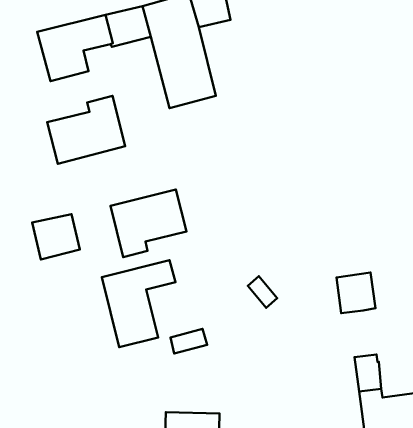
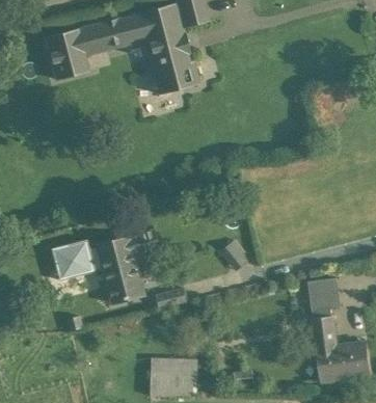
building: [47,96,125,164] -> none
building: [110,189,186,257] -> none
building: [32,214,80,259] -> [51,238,91,276]
building: [336,273,376,313] -> [308,277,342,312]

